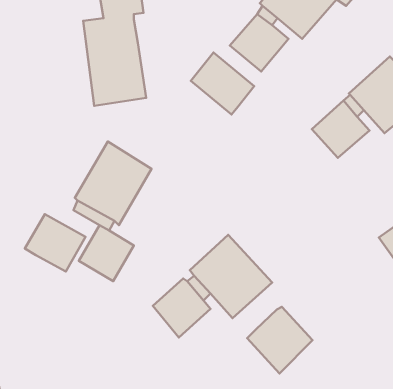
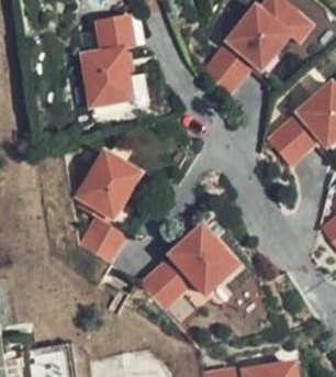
building: [191,52,254,115] -> none
building: [25,214,86,272] -> none
building: [247,307,312,374] -> none

